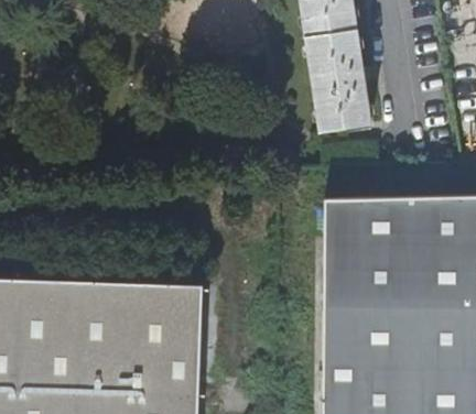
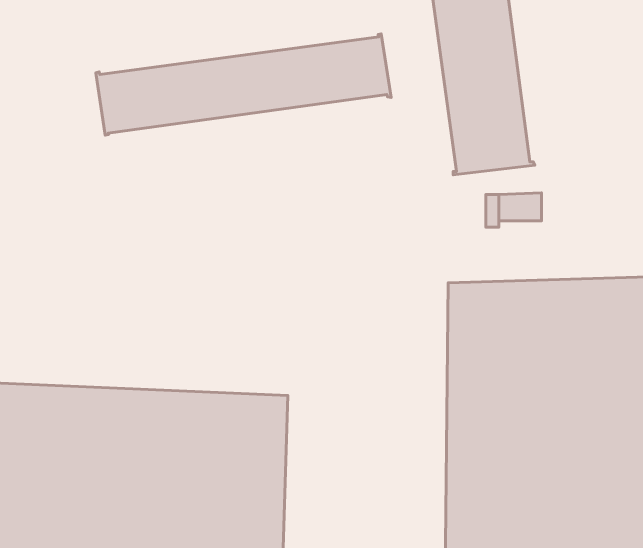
building: none -> [96,34,391,135]

